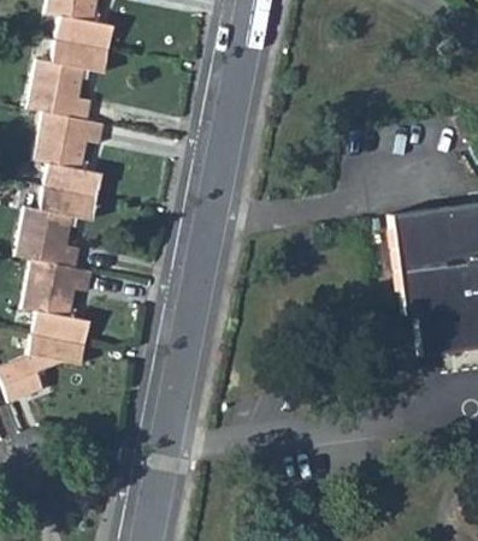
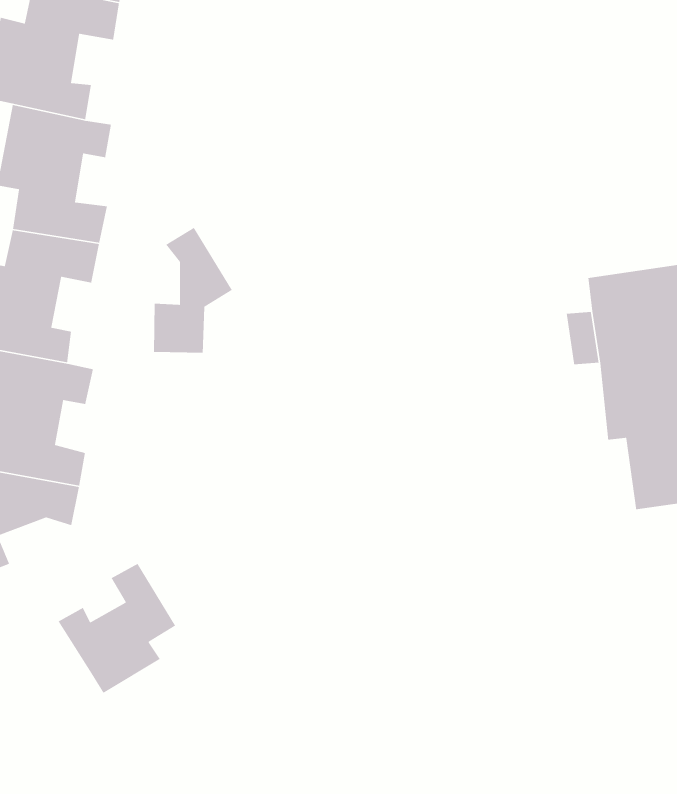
building: none -> [153,227,233,353]
building: none -> [58,563,176,694]

